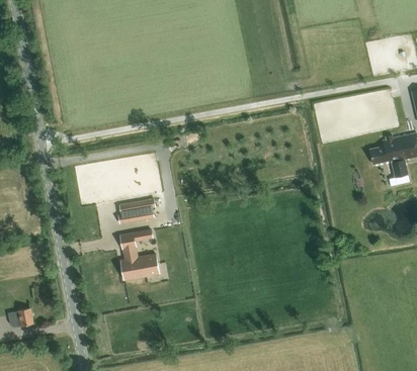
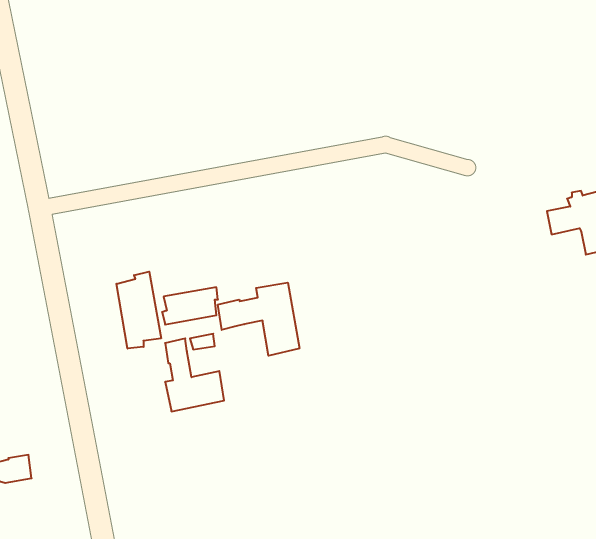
building: none -> [116,272,161,349]
building: none -> [218,283,299,356]

